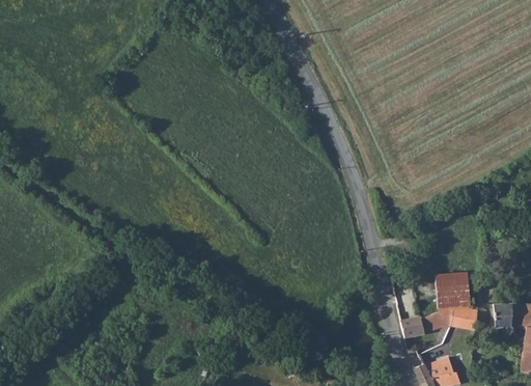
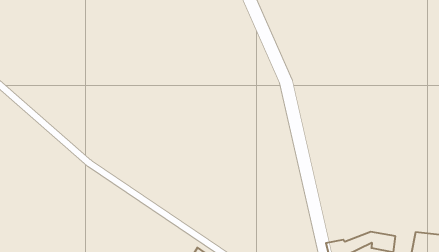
building: [432,271,467,305] -> none

